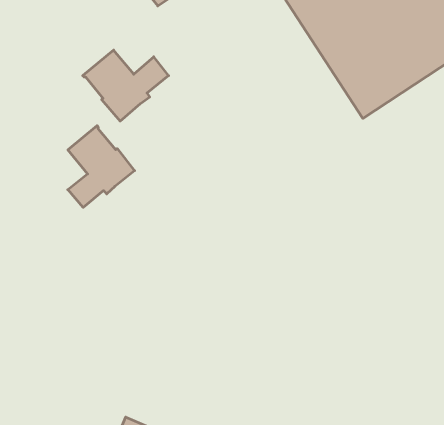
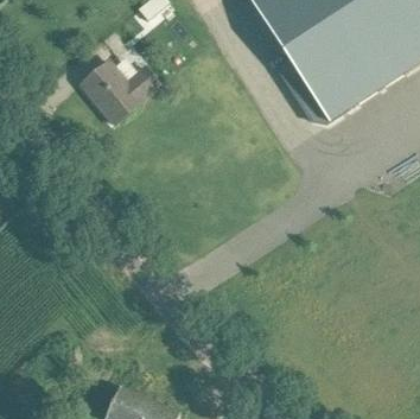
building: [68,126,135,207] -> none

